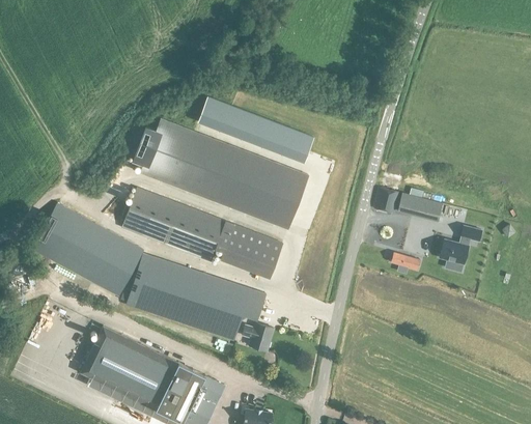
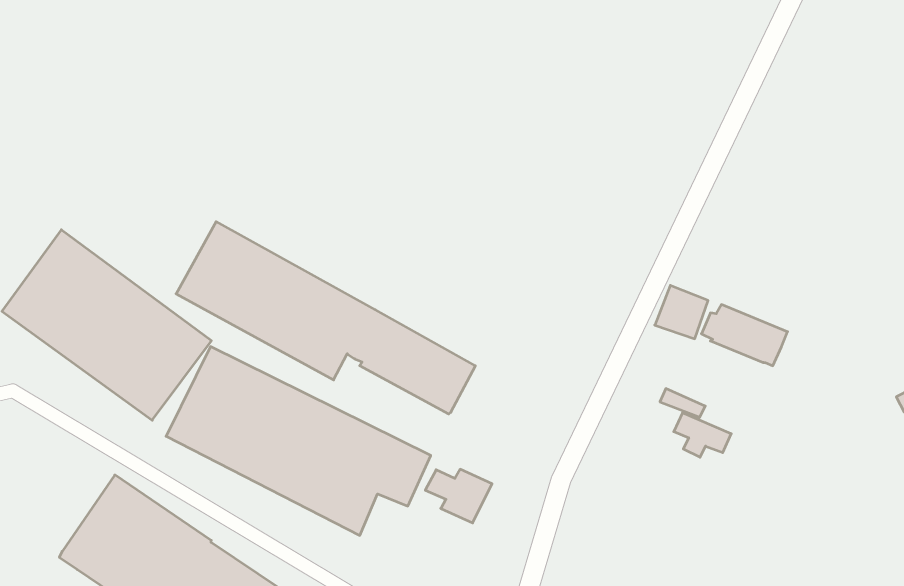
building: [197,96,313,163] -> none
building: [133,118,308,229] -> none
building: [439,224,482,263] -> none
building: [240,322,274,349] -> [425,469,492,523]

